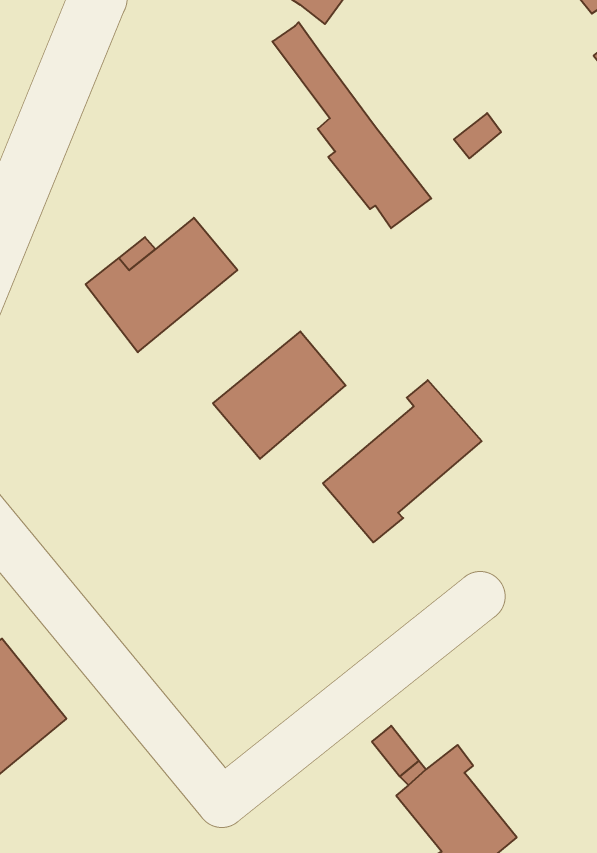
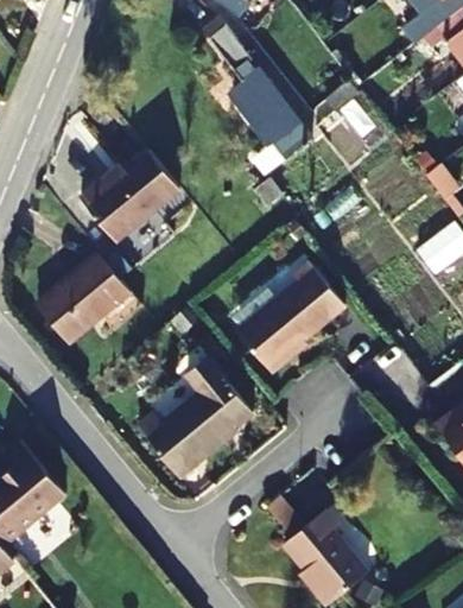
building: [213,331,346,459] -> [37,258,127,344]
building: none -> [138,359,253,479]

